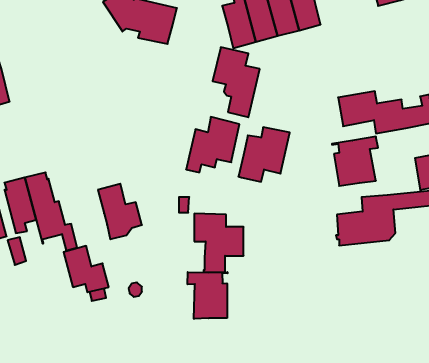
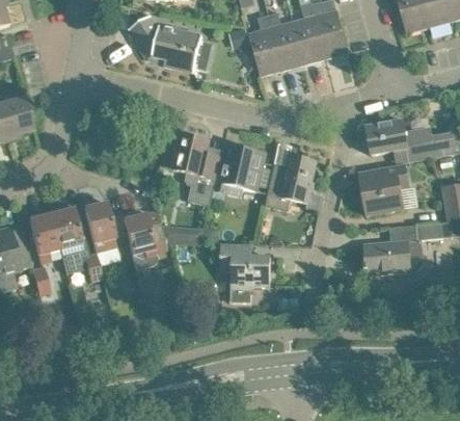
building: [213,47,260,117] -> [172,134,220,205]
building: [64,246,109,292] -> [83,201,129,247]
building: [188,272,228,319] -> none

